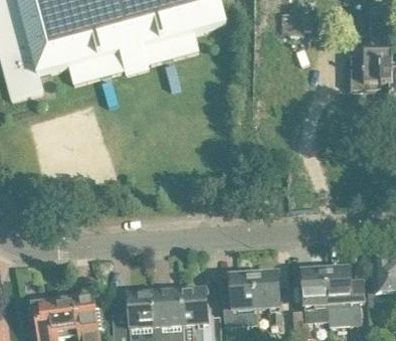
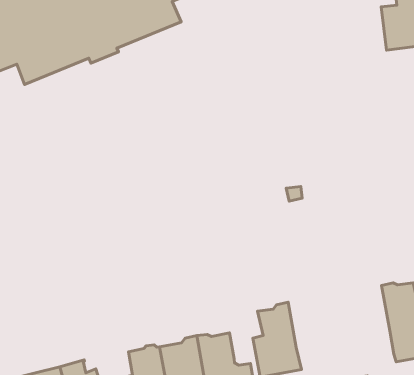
building: [302,267,329,321] -> none
building: [253,271,281,323] -> none

